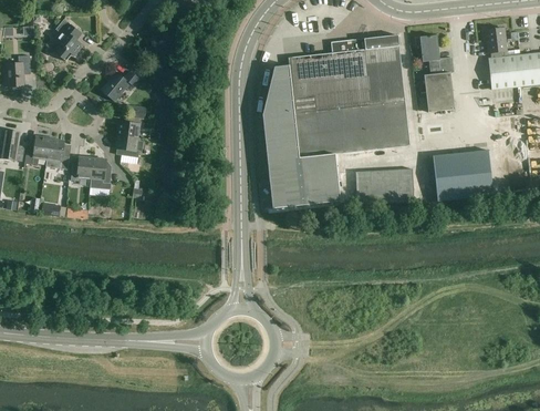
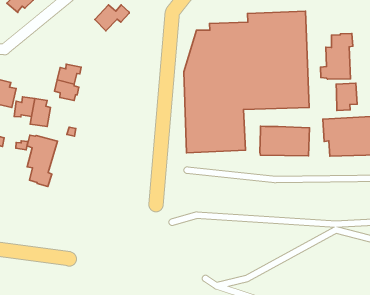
building: [417,34,439,61] -> none
building: [101,70,139,101] -> [95,5,129,31]
building: none -> [336,83,357,111]
building: none -> [27,135,57,186]

